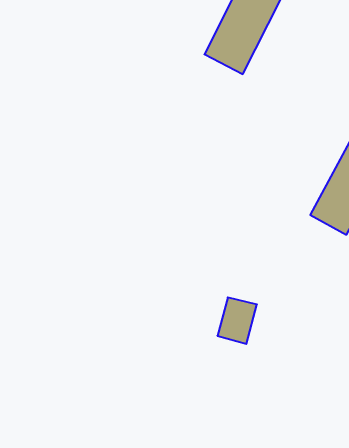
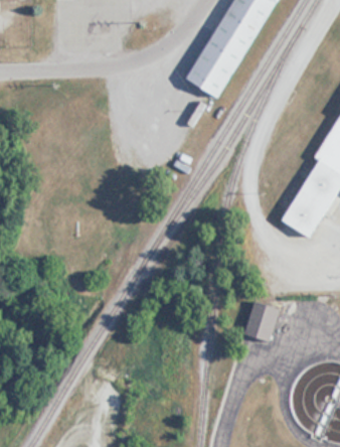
building: [217,297,257,344] -> [245,302,280,342]

